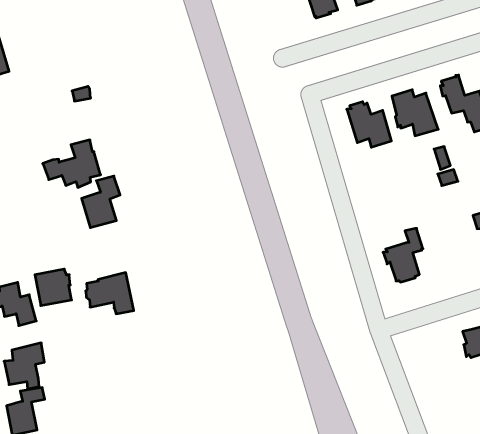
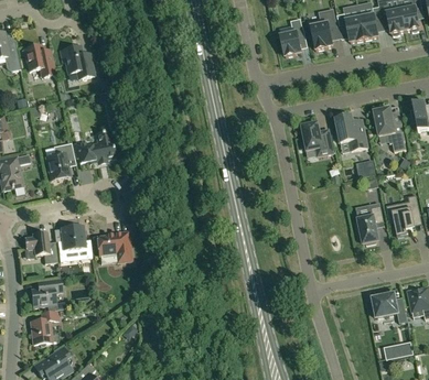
building: none -> [61,45,95,79]
building: [82,176,120,228] -> [46,143,75,180]
building: [383,228,423,282] -> [354,206,384,245]

